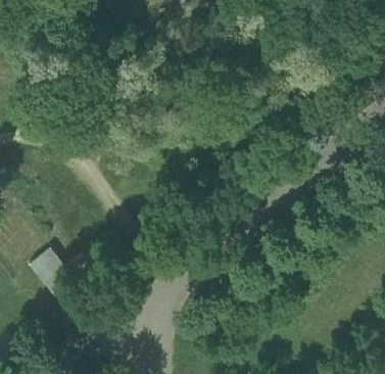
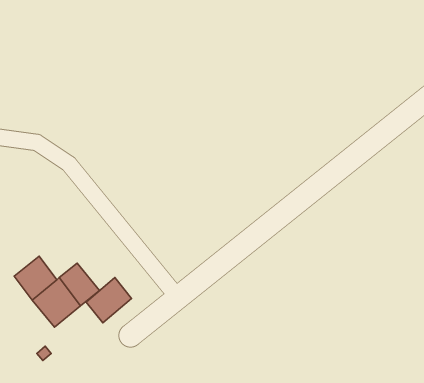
building: none -> [86,278,132,323]

